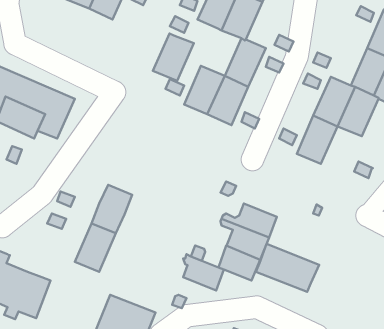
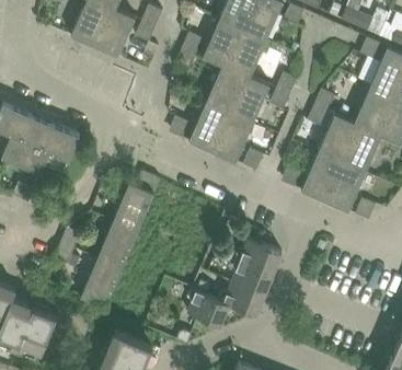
building: [153,33,194,81] -> [205,66,245,113]
building: none -> [324,163,365,211]
building: none -> [113,174,159,231]
building: [256,244,319,292] -> none

